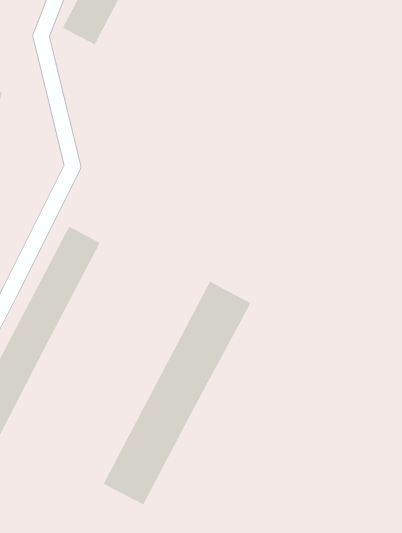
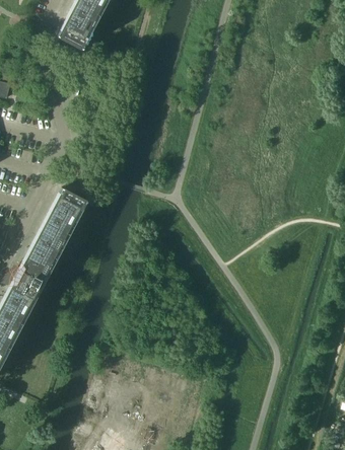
building: [103,281,251,505] -> none

